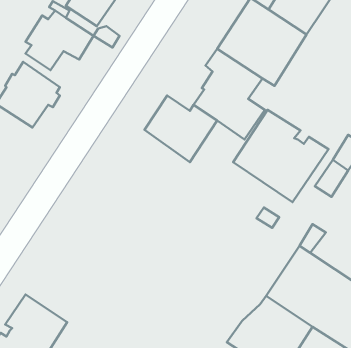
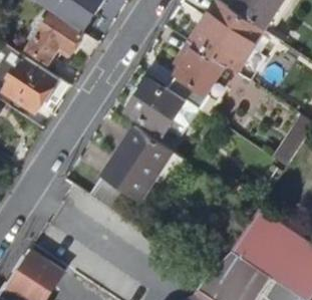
building: [233,110,328,202] -> none
building: none -> [90,127,161,212]

